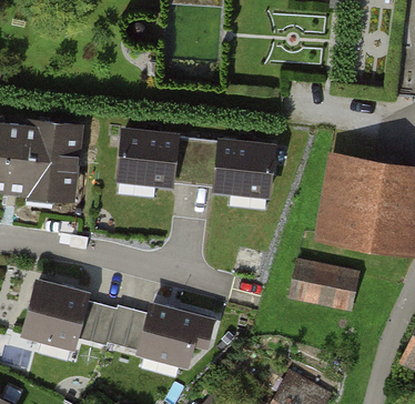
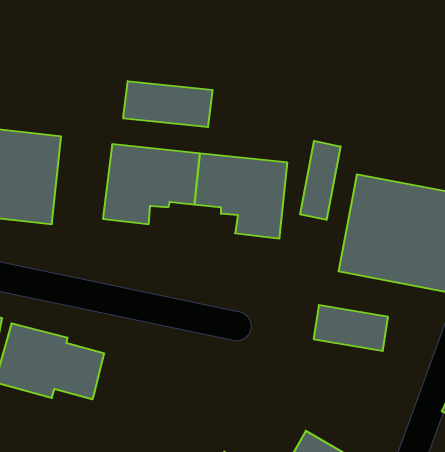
building: none -> [123,81,212,127]
building: none -> [300,141,341,220]
building: [109,304,212,363] -> none

